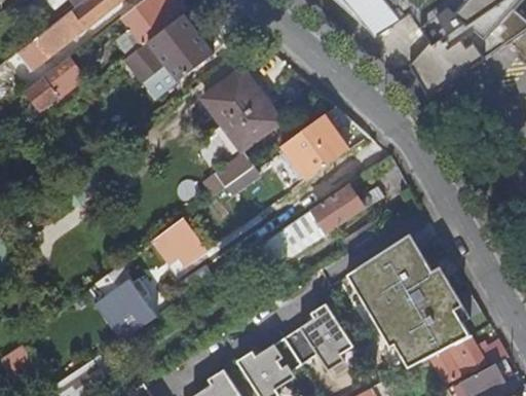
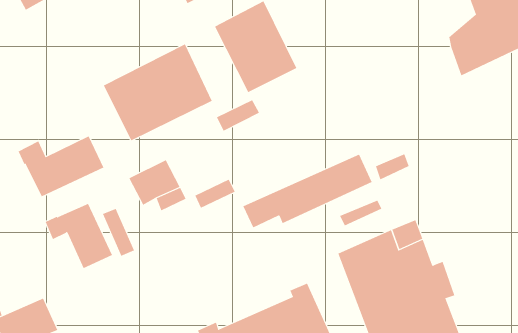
building: [284,105,352,179] -> none
building: none -> [103,44,212,141]
building: none -> [18,135,104,197]

